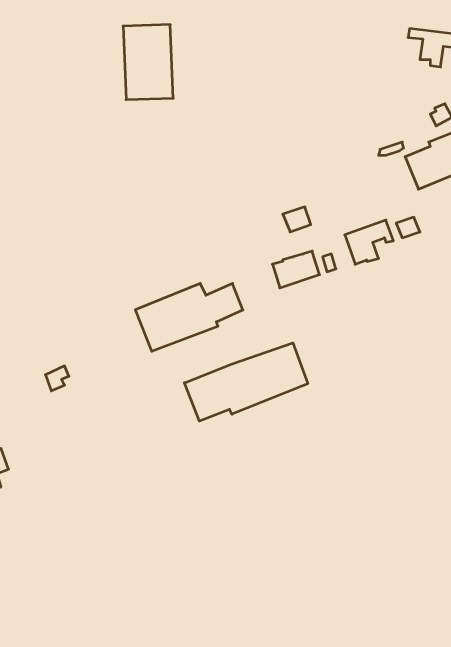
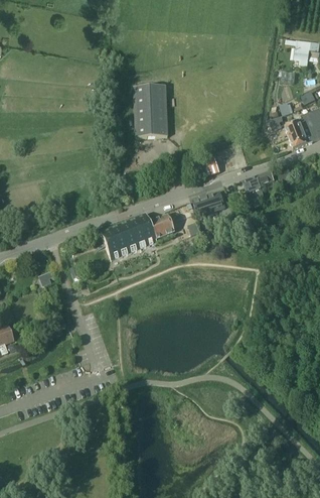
building: [123,25,173,100] -> [133,85,167,136]
building: [184,343,308,421] -> none

